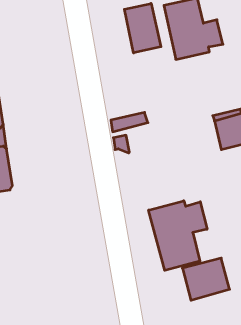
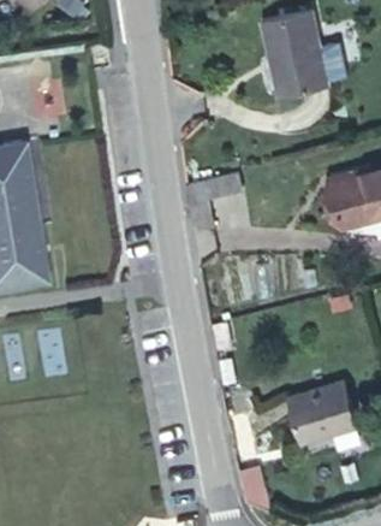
building: [124,3,161,53] -> none
building: [149,201,207,270] -> none

